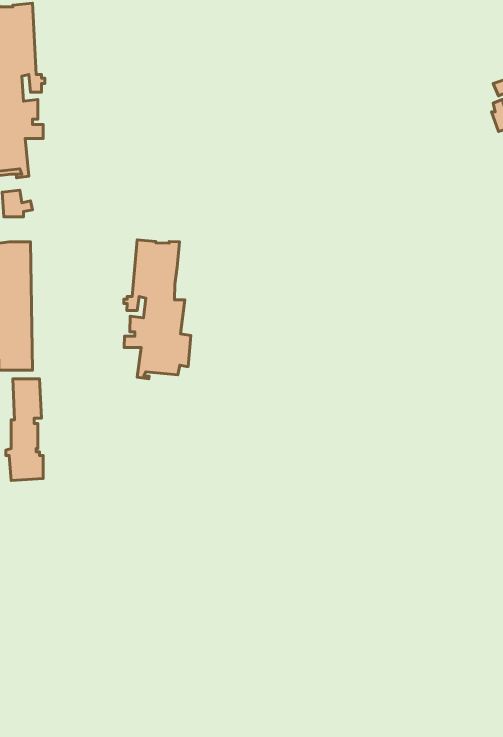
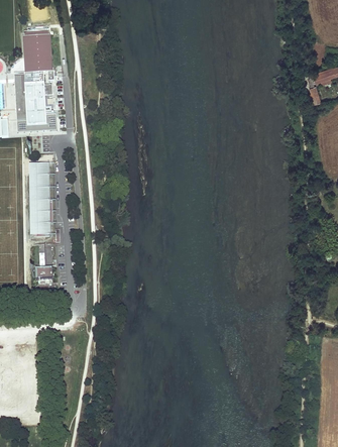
building: [124,240,191,379] -> none

